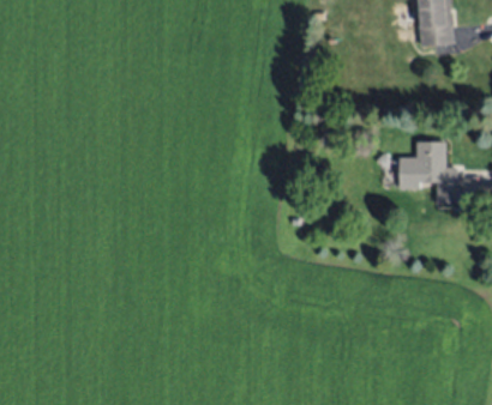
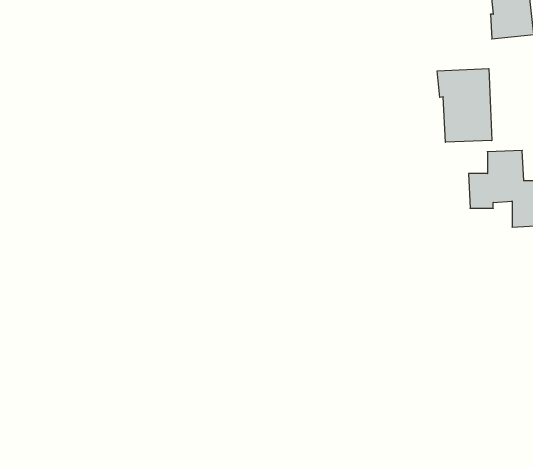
building: none -> [437,69,492,142]

